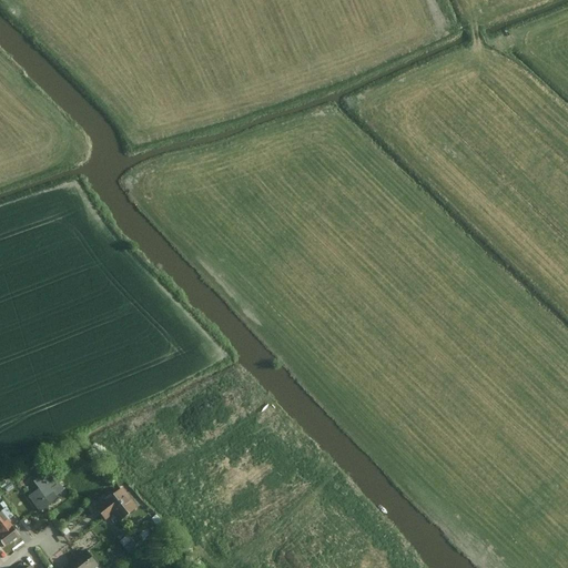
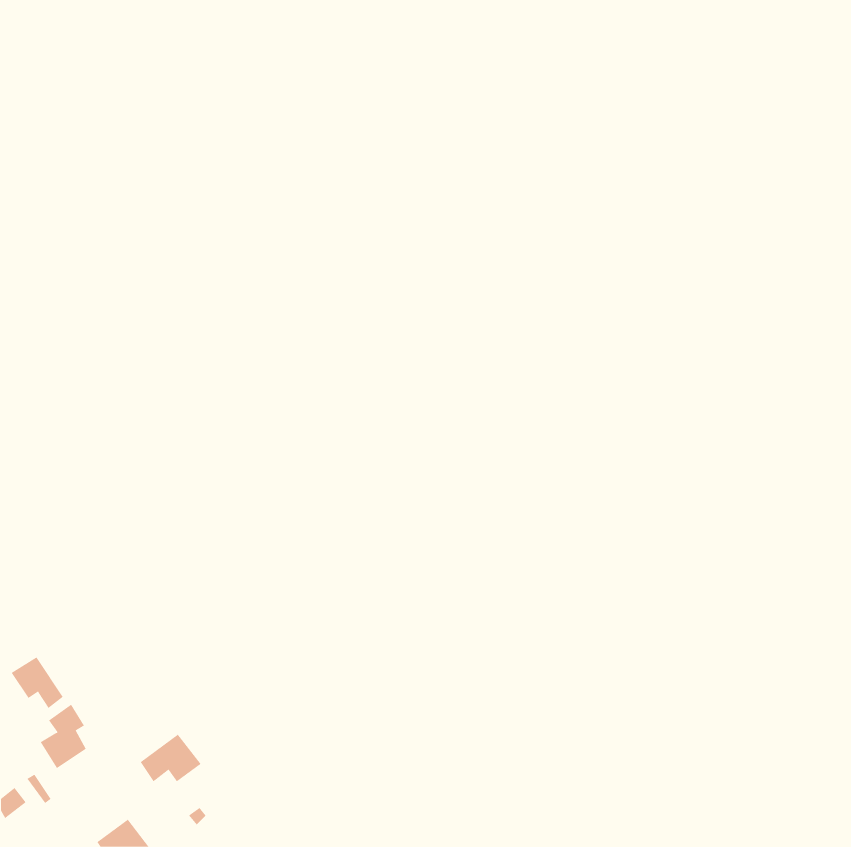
building: none -> [11,657,63,709]

